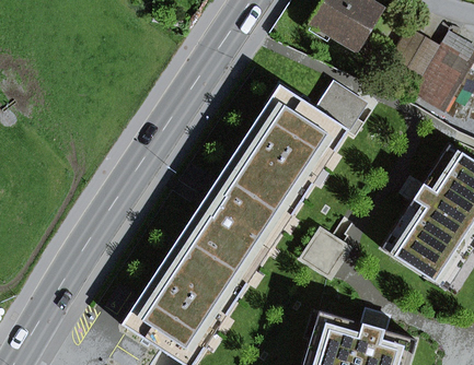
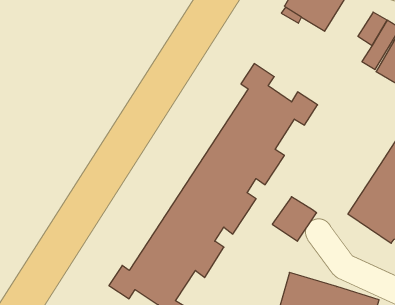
building: [316,84,365,129] -> none

